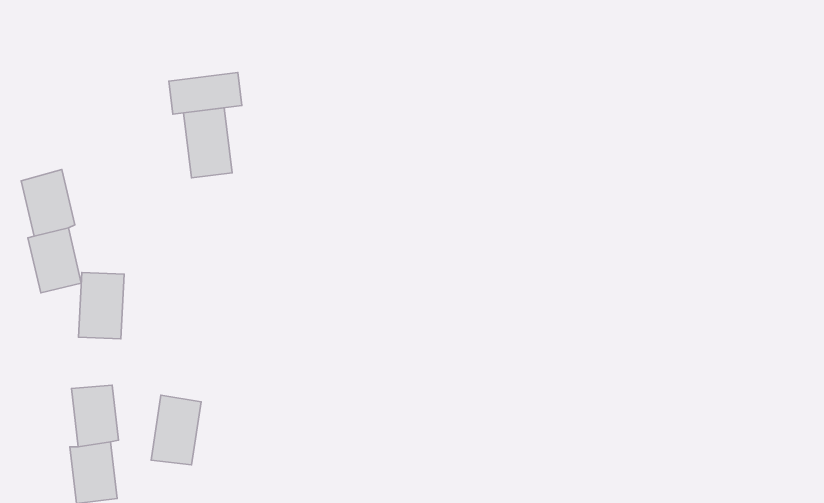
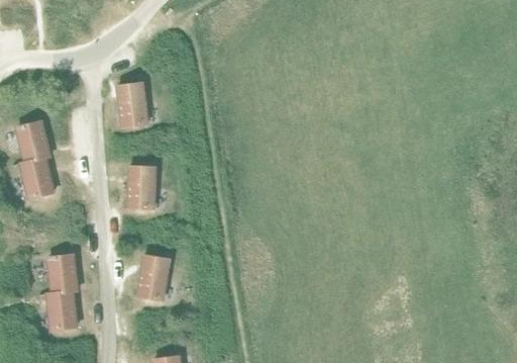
building: [169,73,242,114] -> none
building: [79,272,124,339] -> [127,167,156,208]
building: [151,395,201,465] -> [137,256,169,299]

